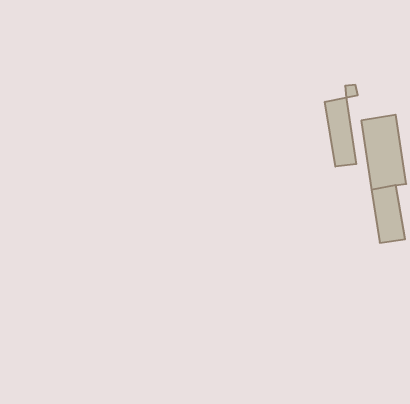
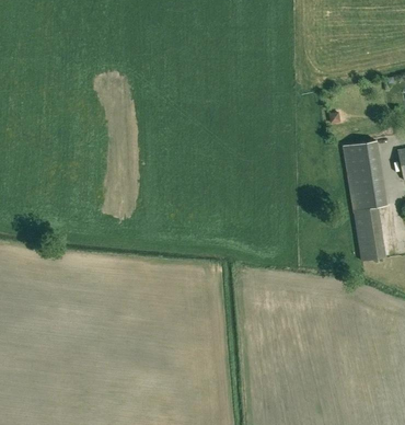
building: [325,98,356,167] -> none

